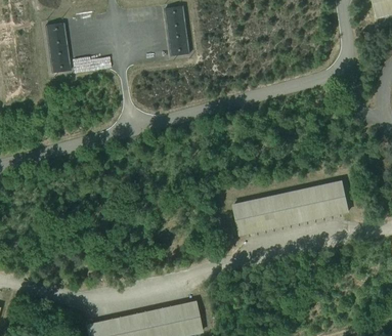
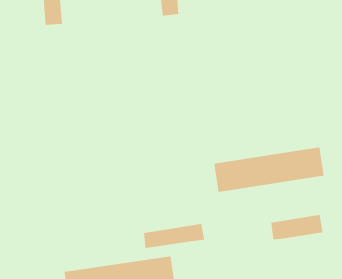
building: none -> [271,214,323,240]
building: none -> [143,223,205,249]

